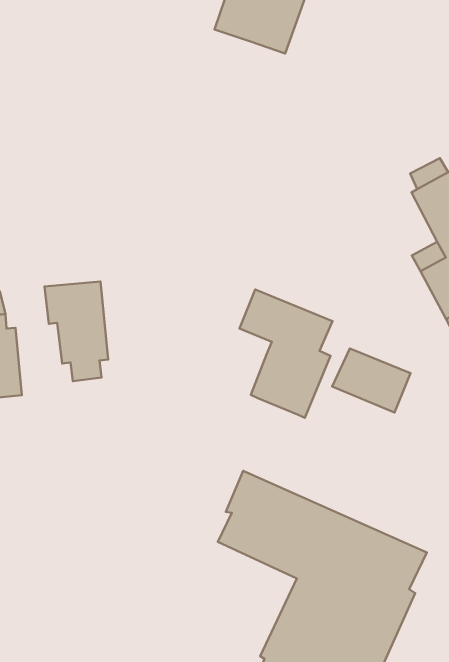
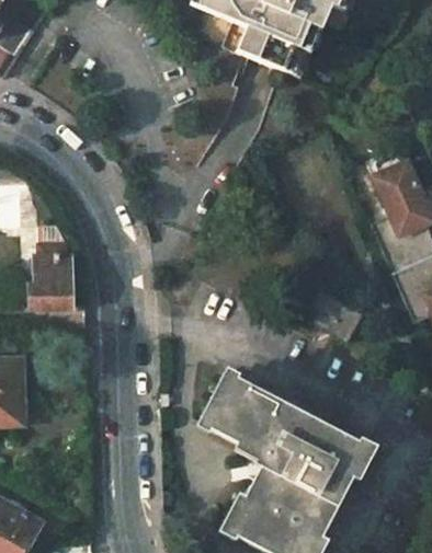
building: [44,281,108,381] -> none
building: [239,290,333,418] -> none

